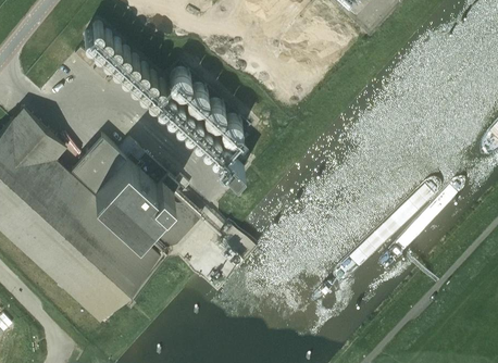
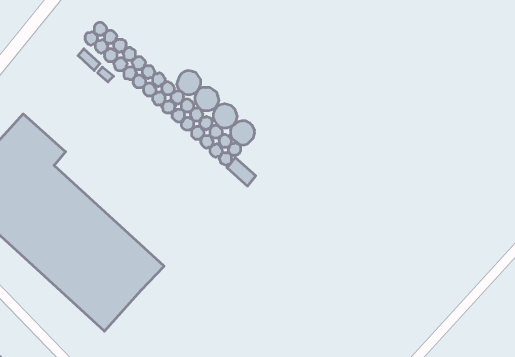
building: [71,137,202,250] -> none

